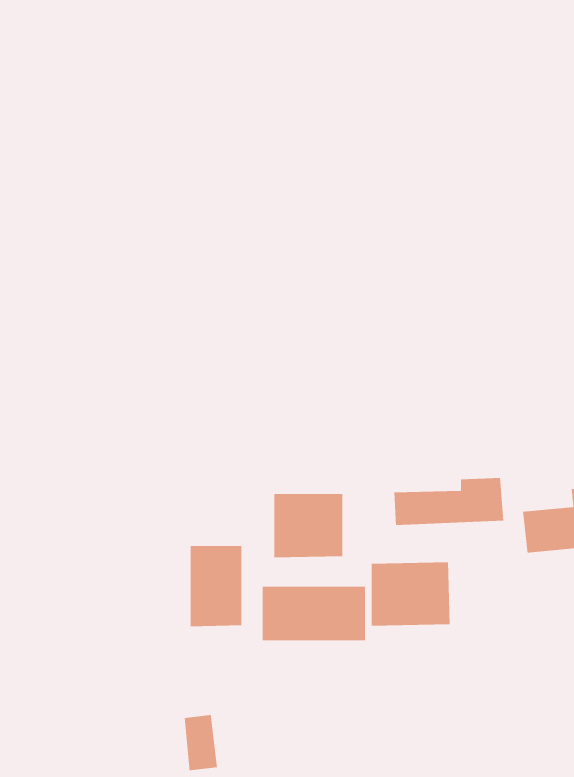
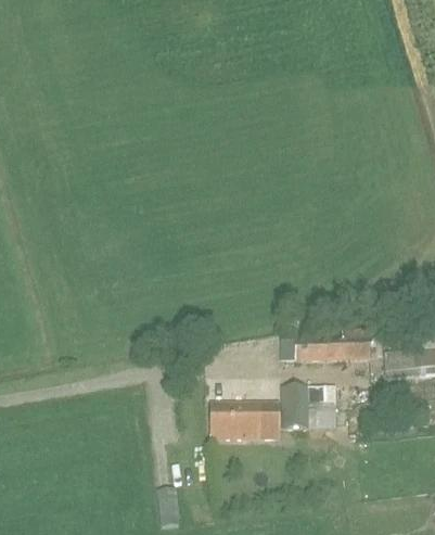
building: [274,493,343,558] -> none
building: [190,545,242,627] -> none

